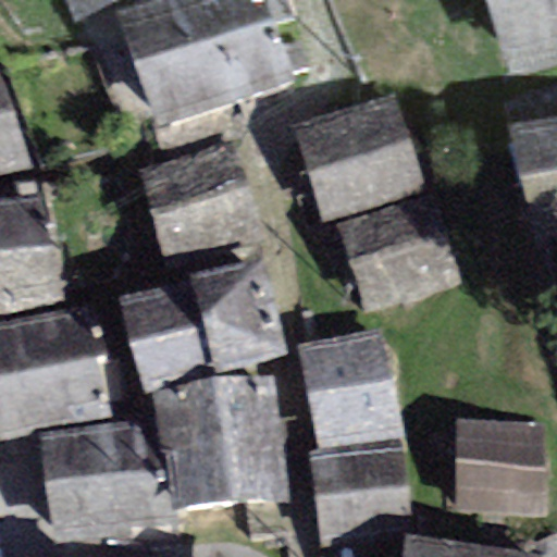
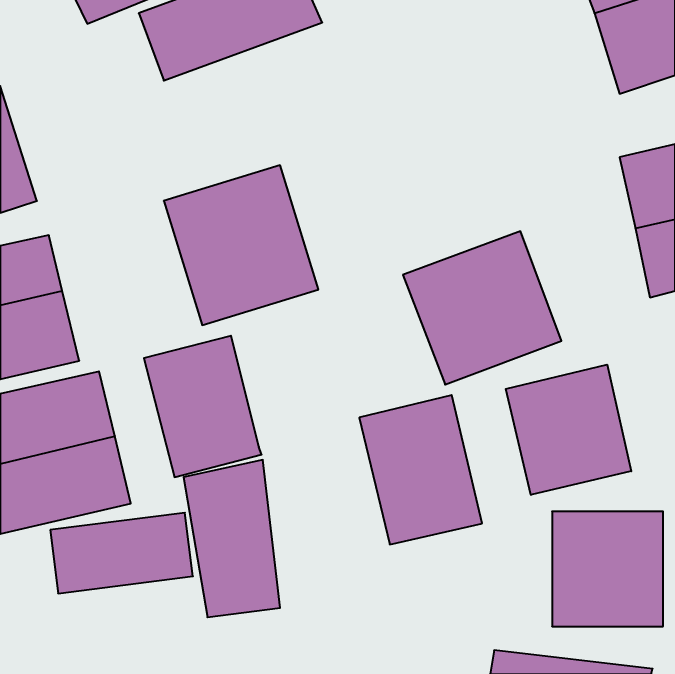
building: [135,18,289,132] -> none
building: [293,92,424,221] -> none
building: [190,260,285,368] -> none
building: none -> [506,365,631,495]
building: [216,376,286,500] -> none
building: [307,446,414,547] -> none
building: [48,474,166,542] -> none

